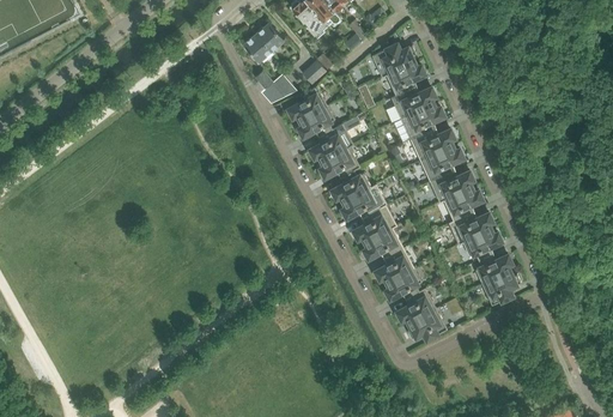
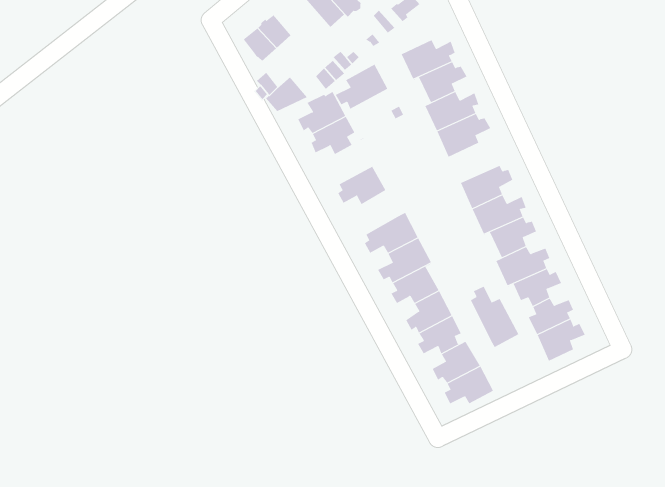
building: [310,125,353,162] -> [335,64,388,110]
building: [411,128,455,161] -> none
building: [332,167,371,203] -> none
building: none -> [470,286,519,348]

